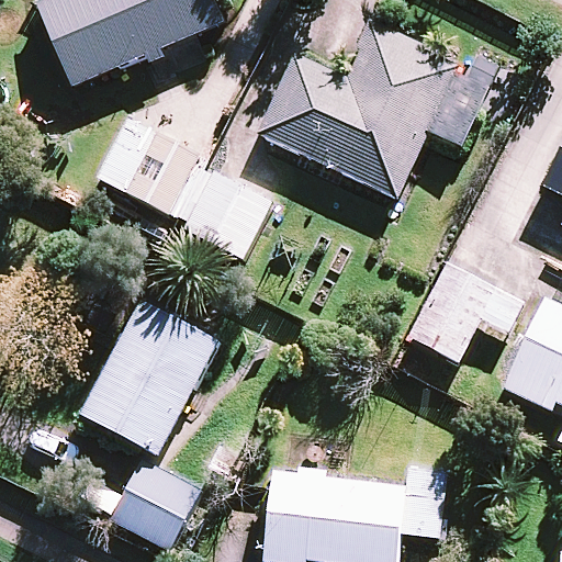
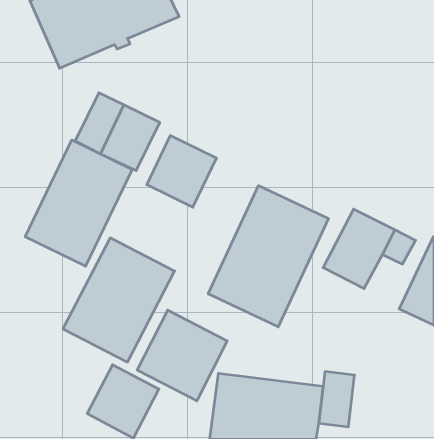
building: [256,21,461,200] -> none
building: none -> [25,140,132,266]
building: none -> [208,186,328,327]
building: none -> [137,310,227,401]

